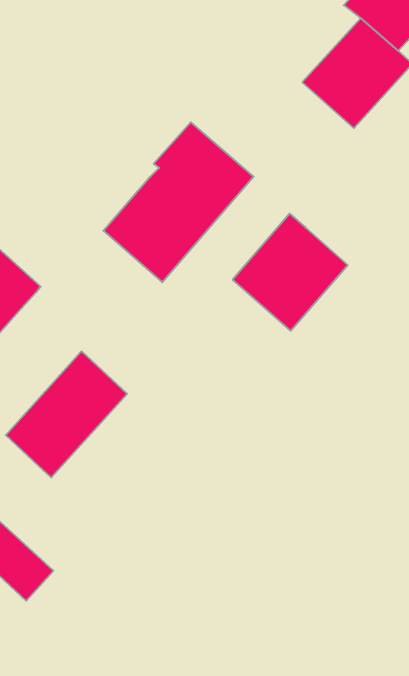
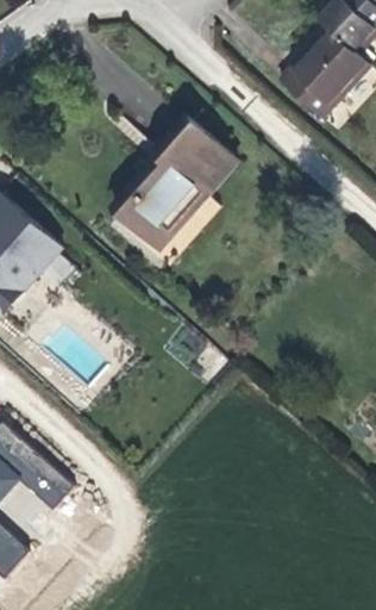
building: [233,214,348,331] -> none
building: [6,351,127,478] -> none

